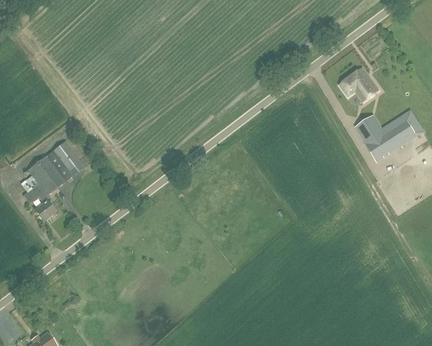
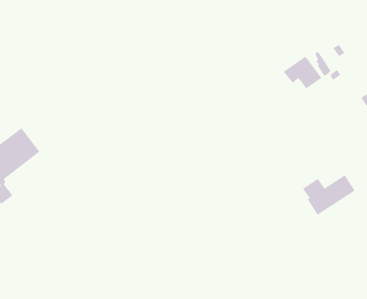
building: [360,118,416,161] -> [302,174,356,215]

